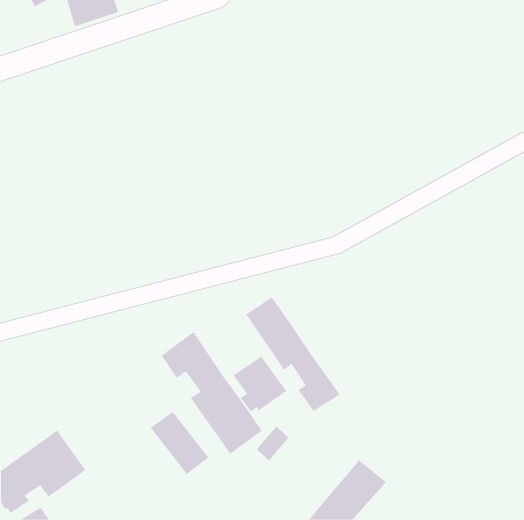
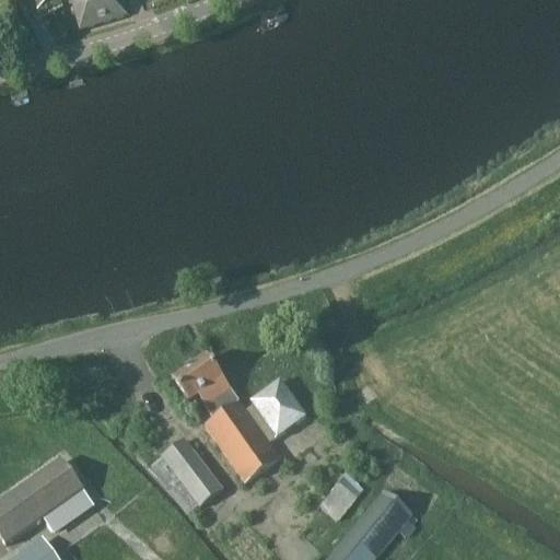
building: [245,297,341,412] -> none
building: [256,426,290,462] -> [325,476,361,514]

